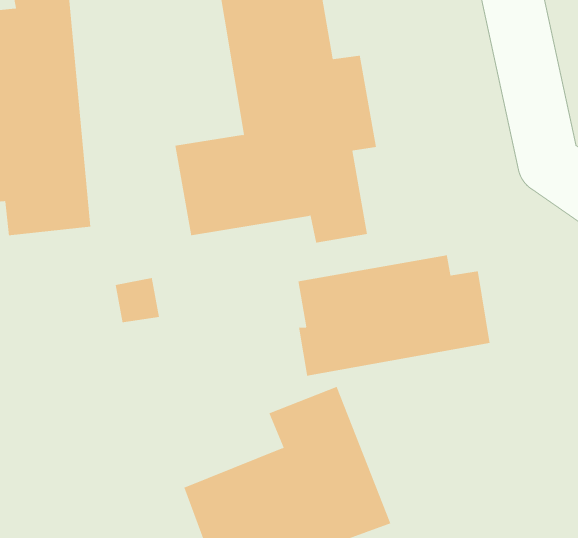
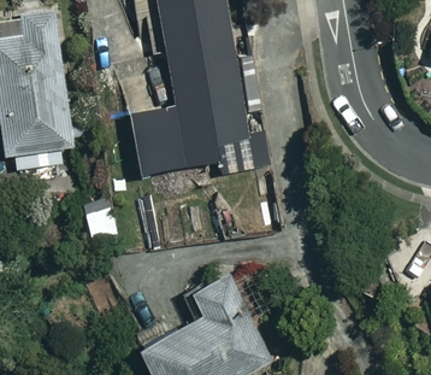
building: [298,254,490,376] -> none

